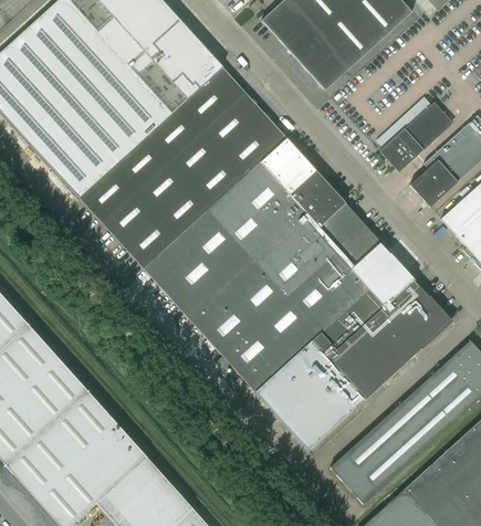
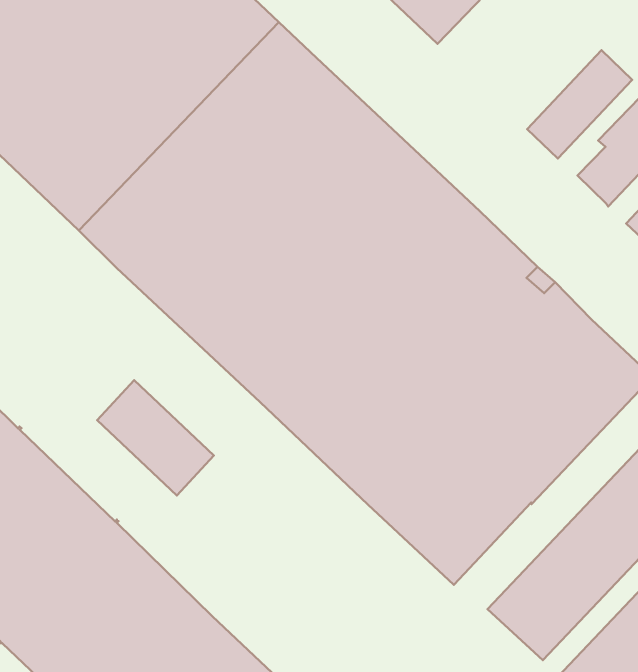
building: none -> [97,380,214,496]

